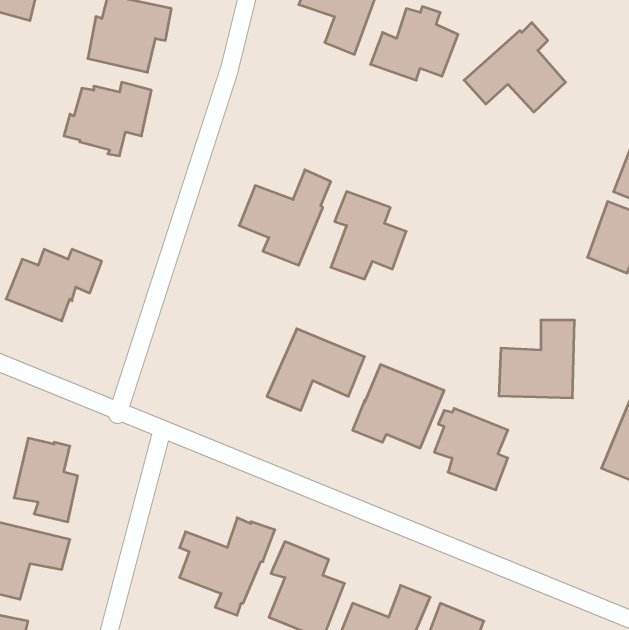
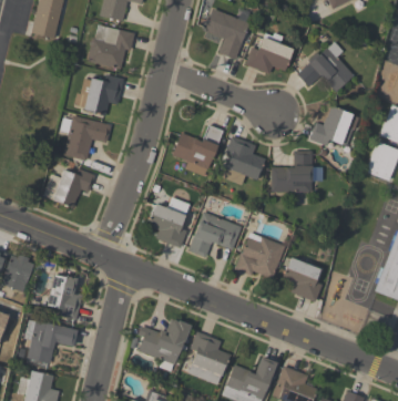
building: none -> [309,104,359,145]
building: none -> [61,115,111,160]
building: none -> [147,196,190,247]
building: [499,320,575,398] -> [271,150,313,193]

